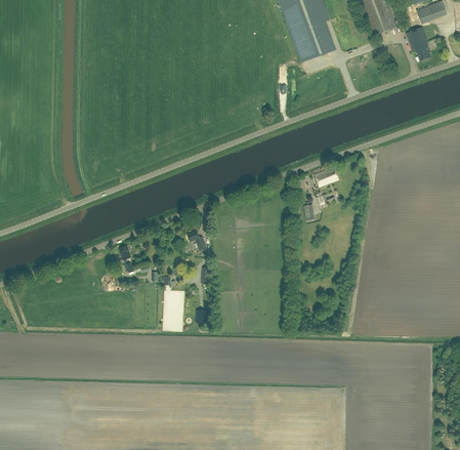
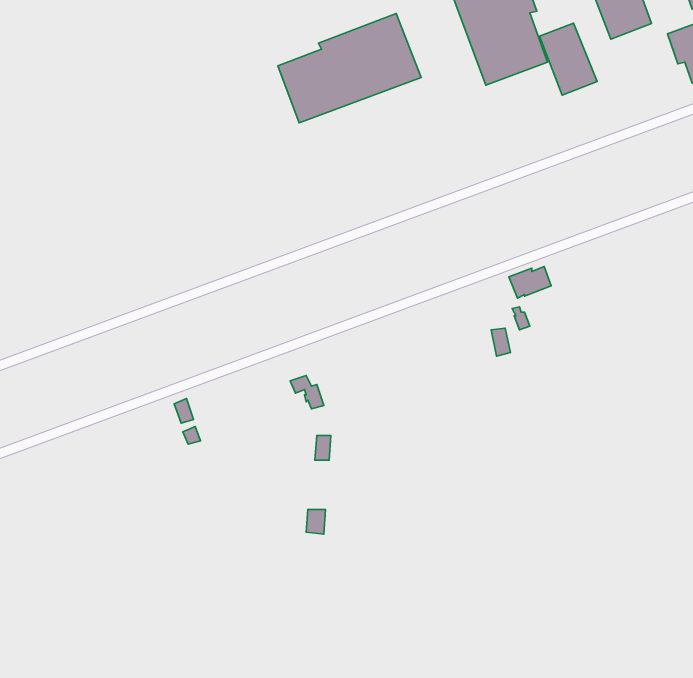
building: none -> [278,13,421,123]
building: none -> [539,23,597,95]

